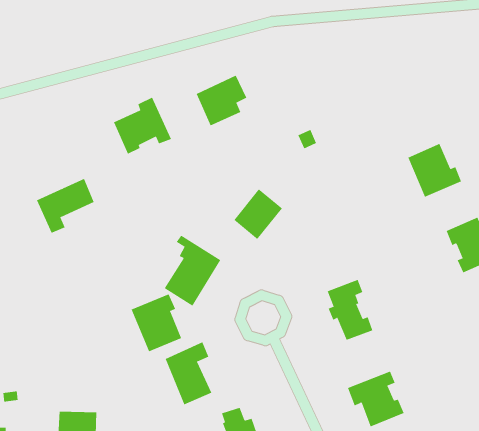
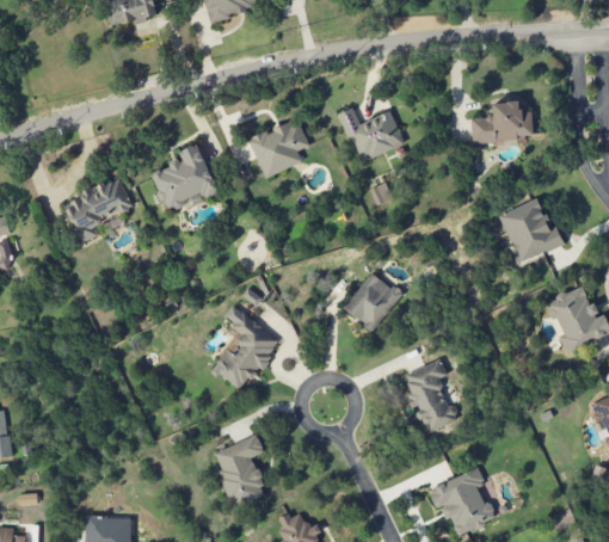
building: none -> [470,100,533,142]
building: none -> [339,107,404,160]
building: [36,178,95,234] -> [62,177,131,242]
building: [233,188,283,240] -> [343,271,401,332]
building: [131,293,182,352] -> none

